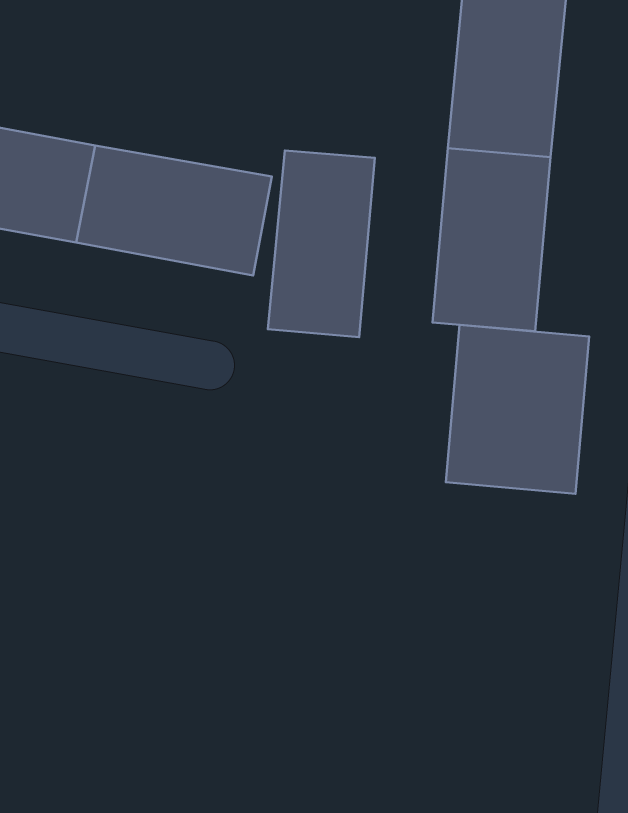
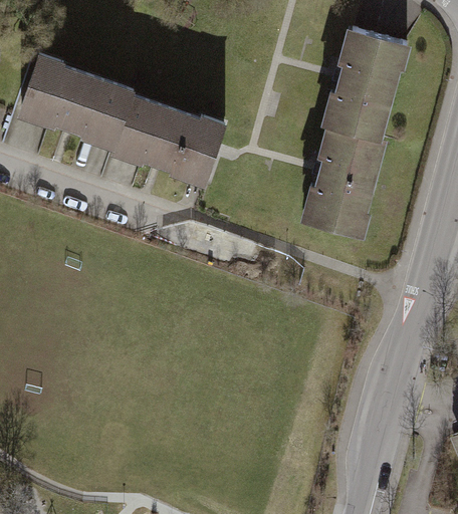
building: [268,151,375,337] -> none
building: [446,325,589,494] -> none

